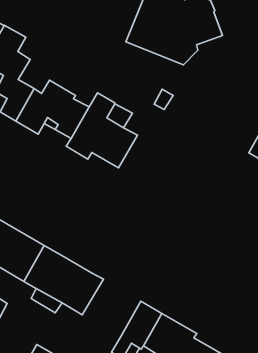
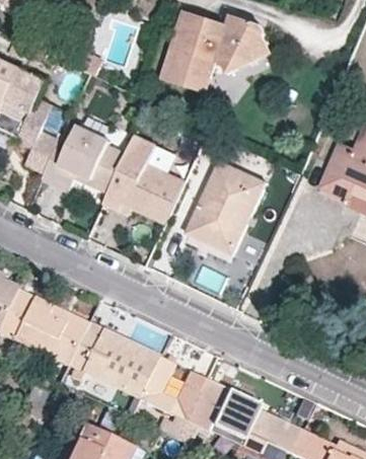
building: none -> [187,159,264,251]
building: none -> [137,354,204,419]

